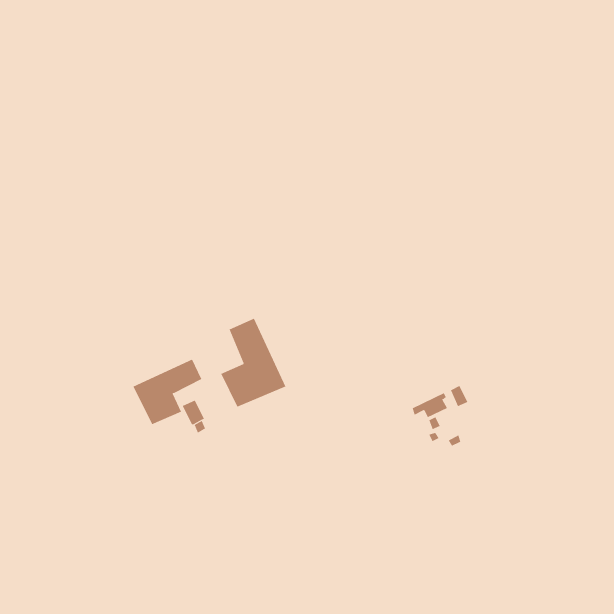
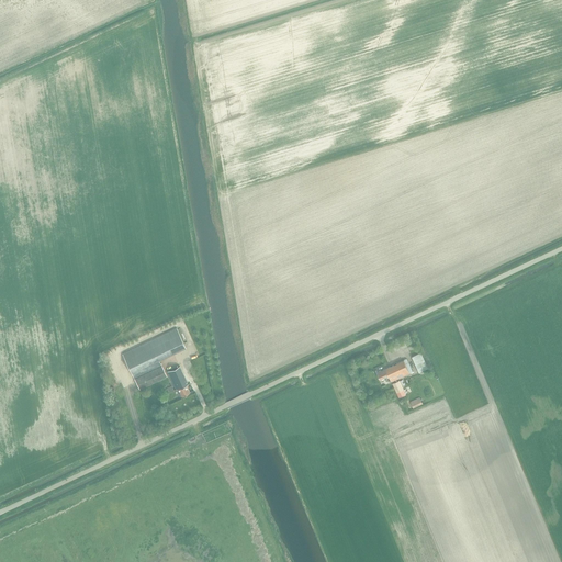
building: [221,318,286,408] -> none

